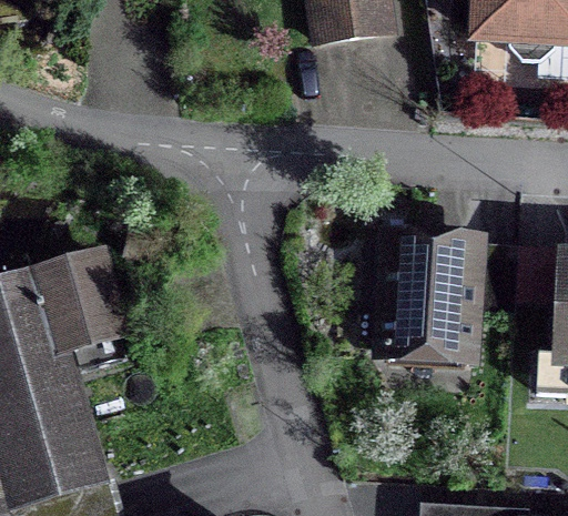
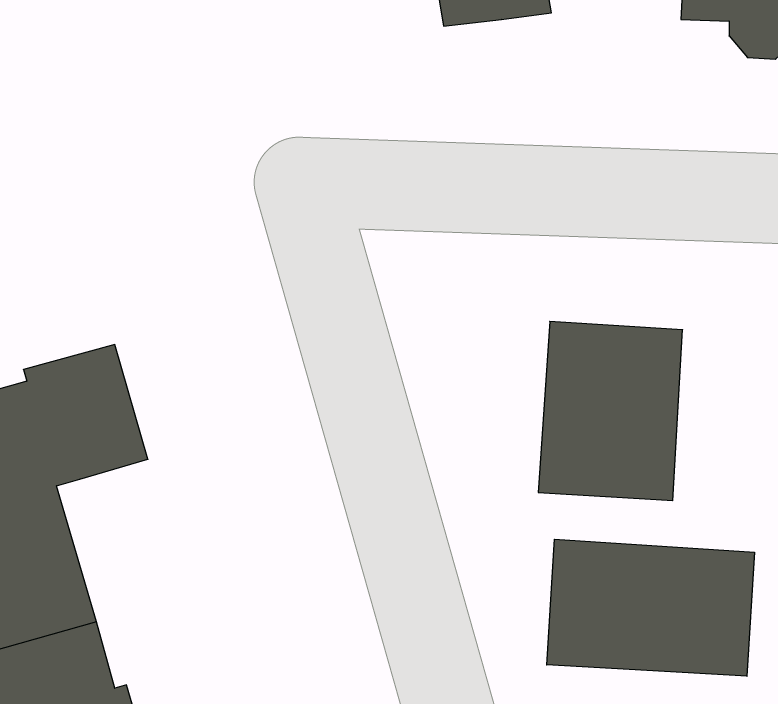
building: none -> [547,539,754,676]

